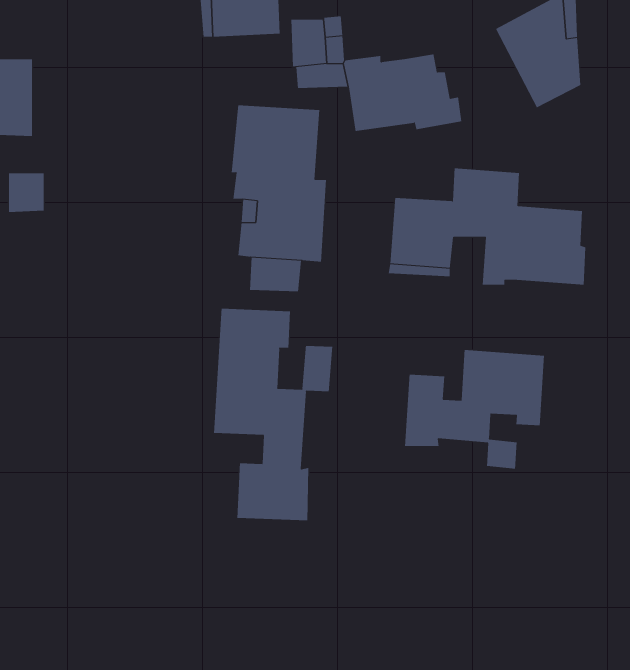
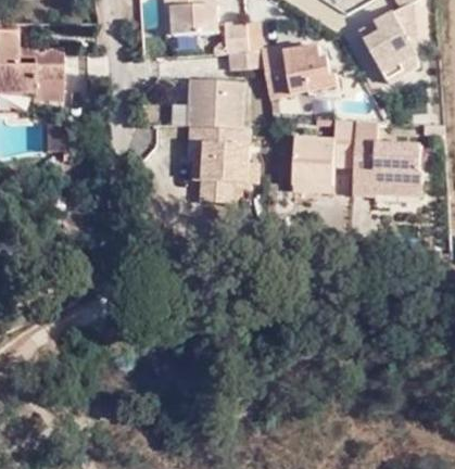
building: [214,308,333,521] -> none
building: [405,349,544,470] -> none

